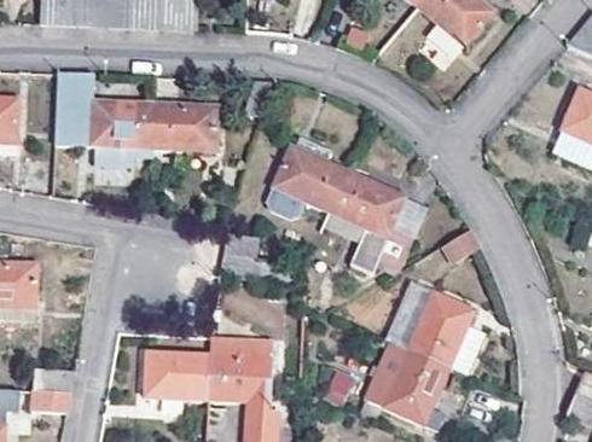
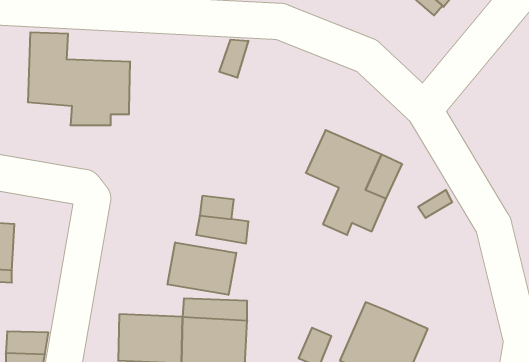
building: [155,101,219,150] -> none
building: [266,134,349,217] -> none
building: [385,280,483,372] -> none
building: none -> [168,242,236,295]

